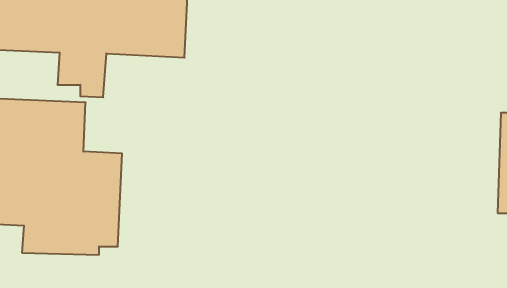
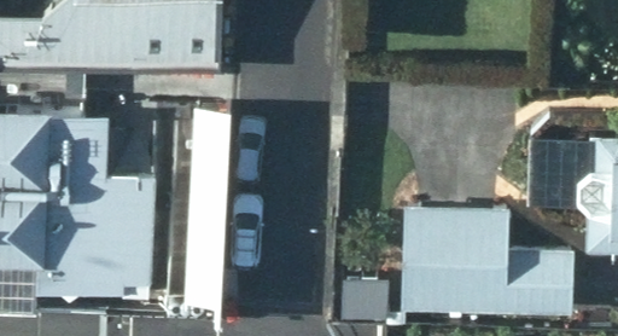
building: none -> [400,203,573,314]

